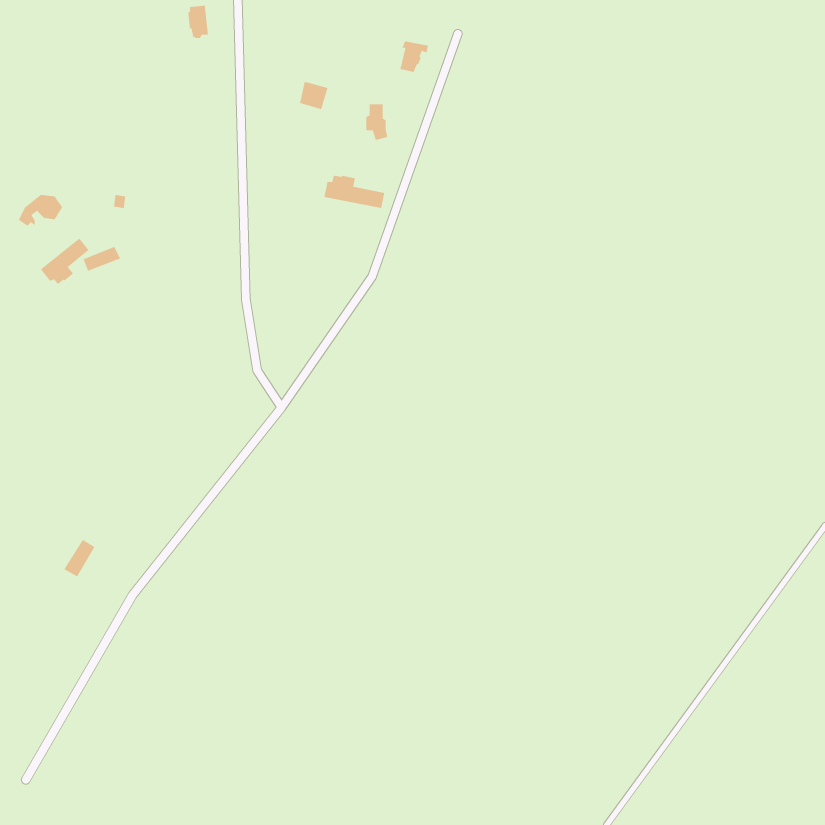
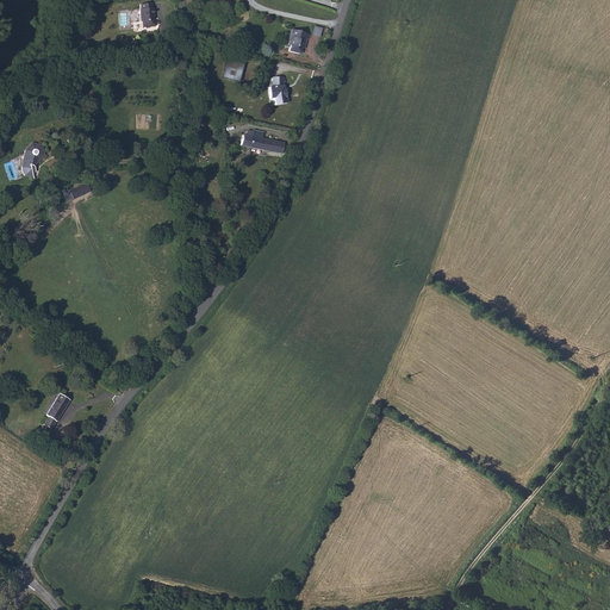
building: [40,238,90,285] -> none

